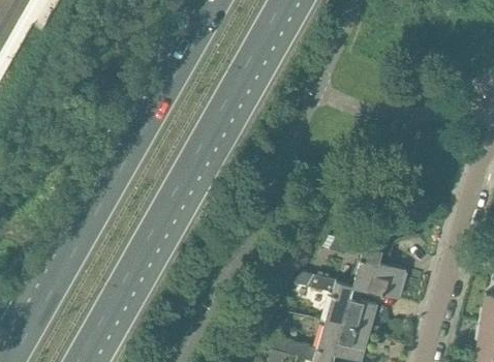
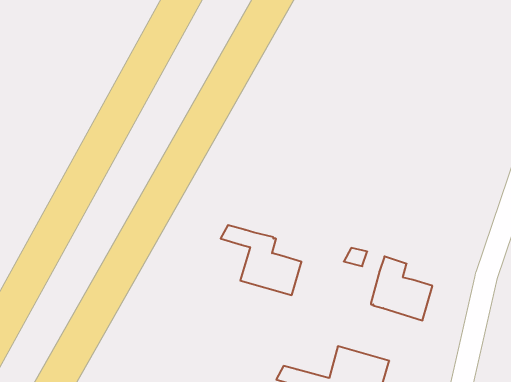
building: [309,275,377,334] -> [221,225,302,295]

